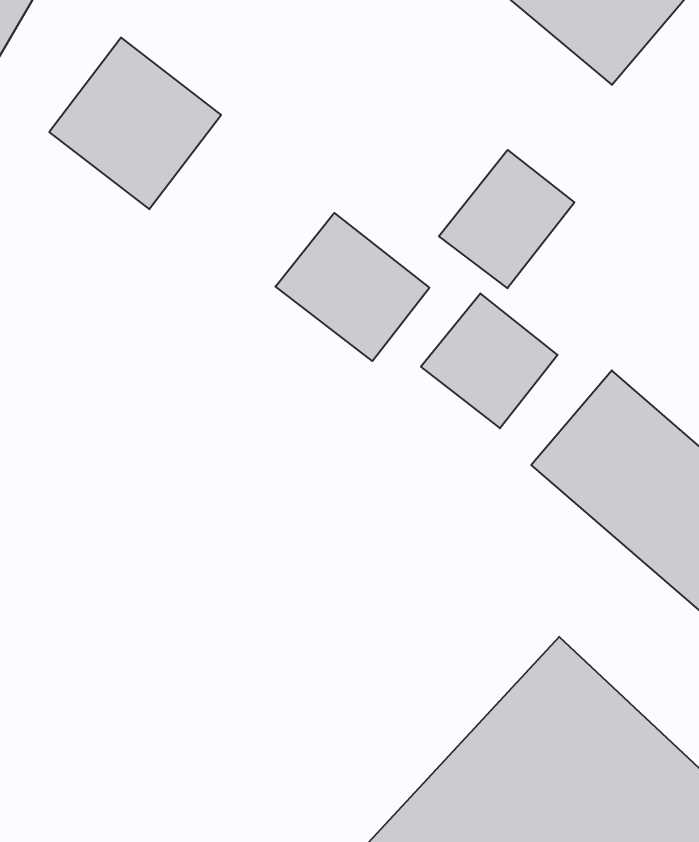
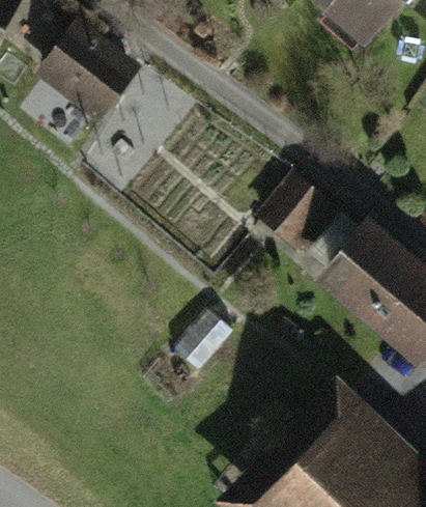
building: [439,150,574,288] -> none
building: [275,213,429,361] -> none

